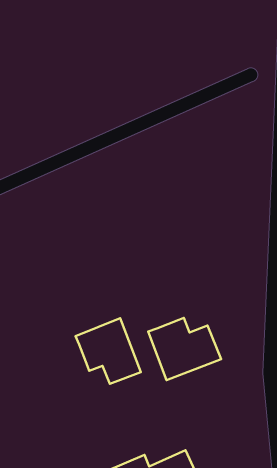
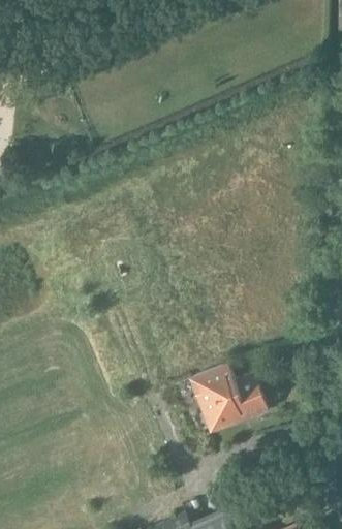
building: [76,318,141,384] -> none

